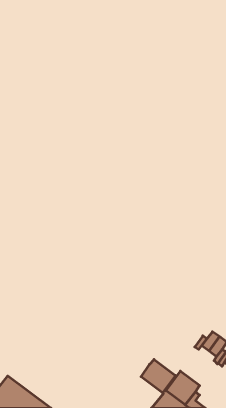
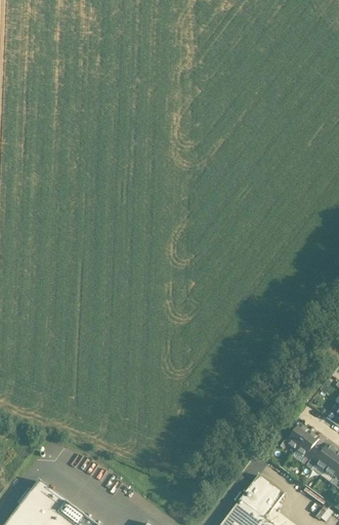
building: [141,359,175,393] -> none

